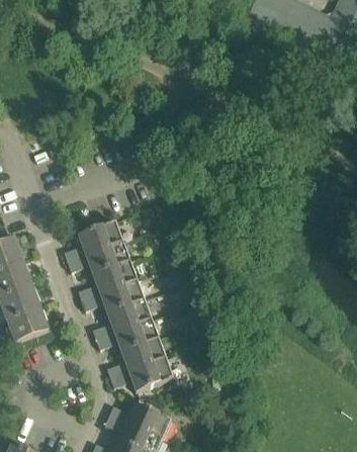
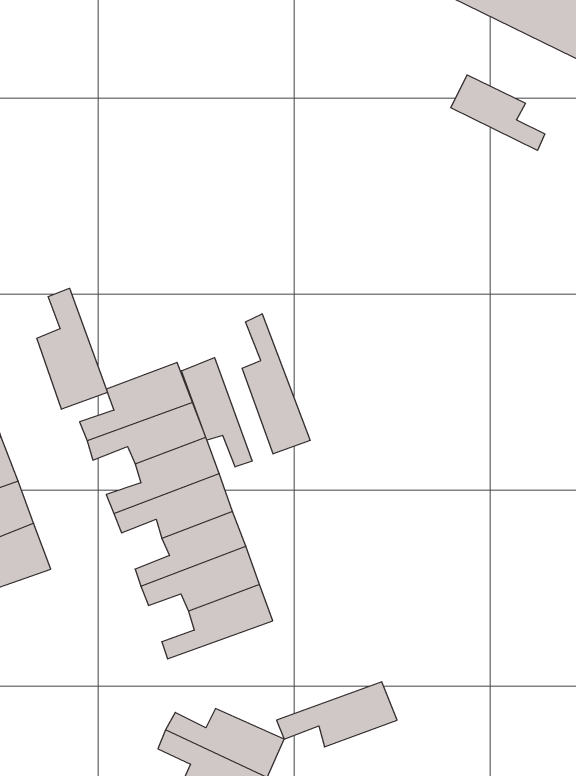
building: none -> [451,75,545,150]
building: none -> [37,288,108,409]
building: none -> [242,314,310,454]
building: none -> [181,358,252,467]
building: [110,357,174,391] -> [277,682,397,747]

